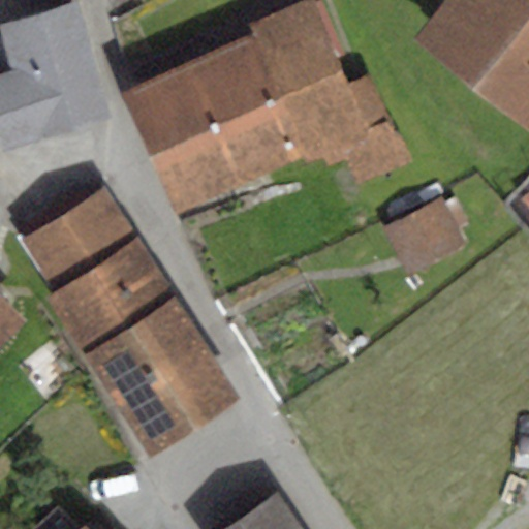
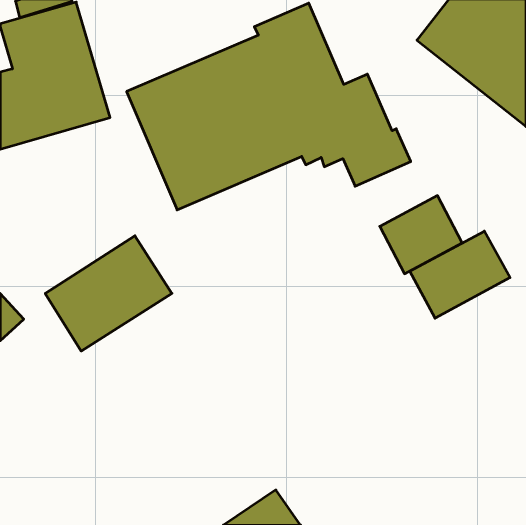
building: [22,185,134,284] -> none
building: none -> [410,231,510,318]
building: [82,294,239,456] -> none

